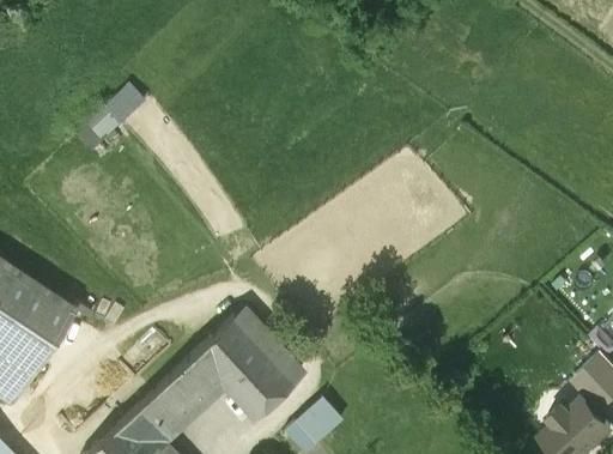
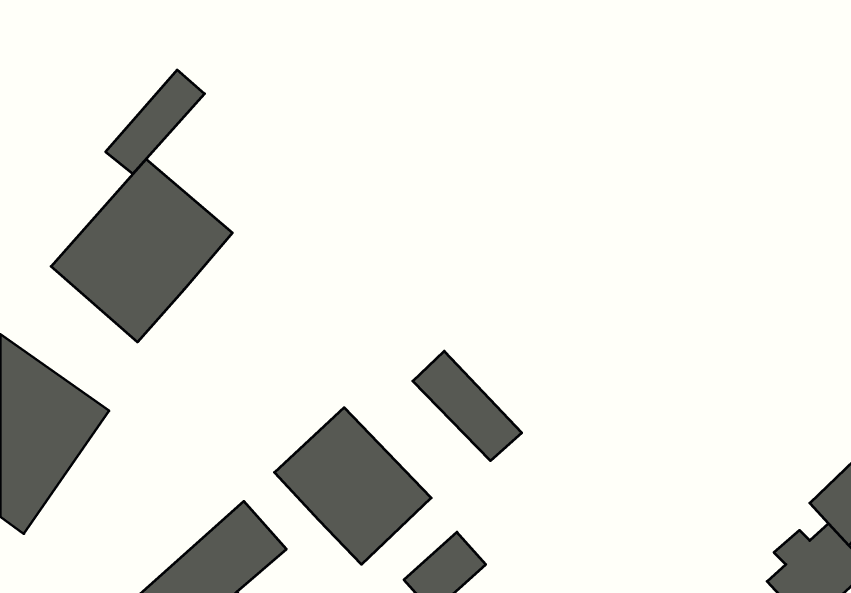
building: none -> [51,159,232,342]
building: none -> [413,351,522,461]
building: [171,357,224,411] -> none

